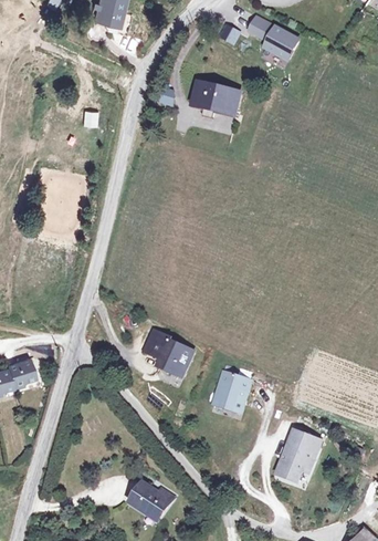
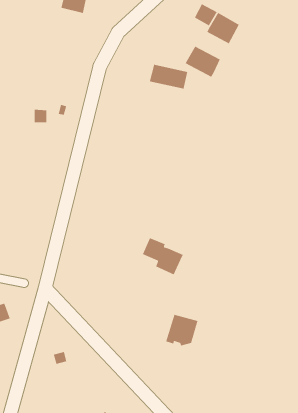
building: none -> [185,46,221,78]
building: [145,332,193,376] -> [142,237,184,276]
building: [279,430,316,482] -> none

